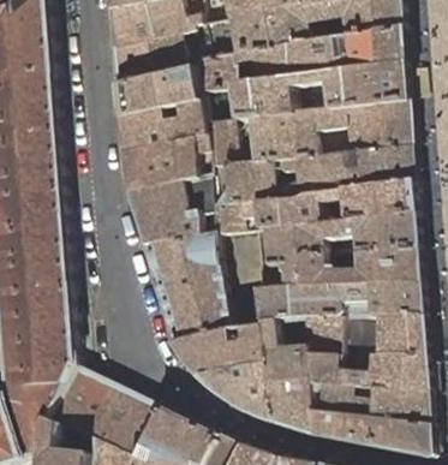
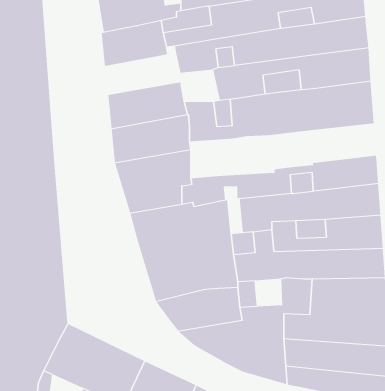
building: [115,64,199,118] -> none
building: [209,149,414,209] -> none

